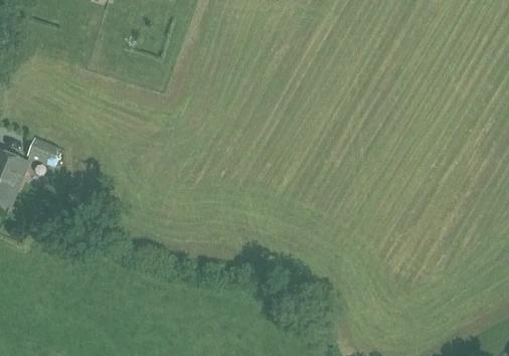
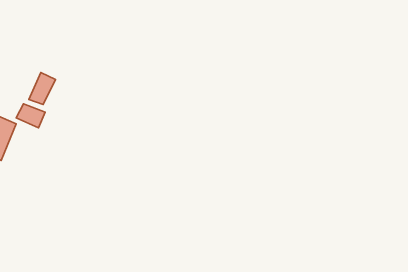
building: none -> [29,73,55,104]

